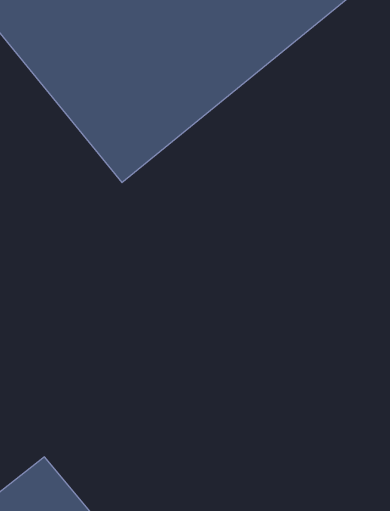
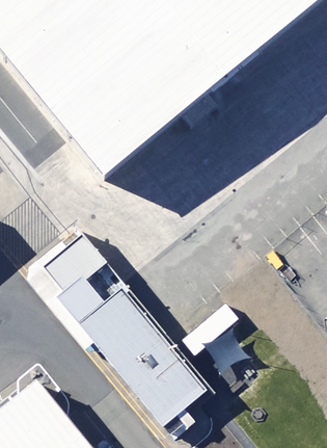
building: none -> [45,237,206,424]

